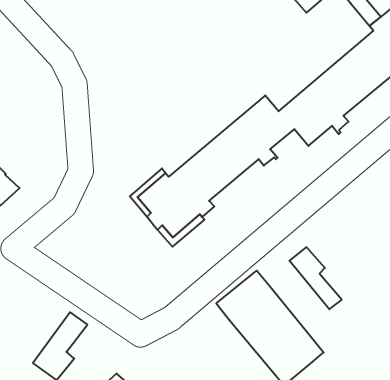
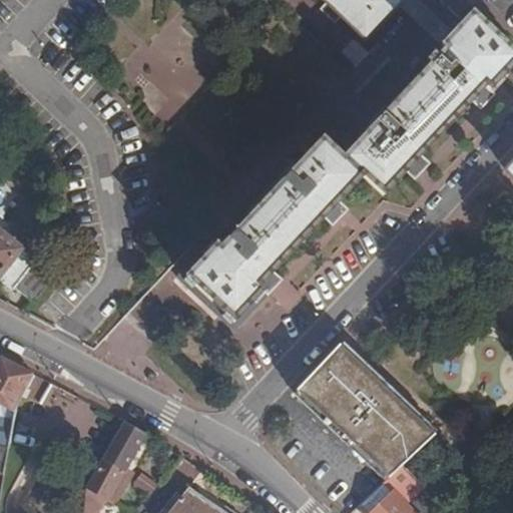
building: [289,247,342,309] -> none

